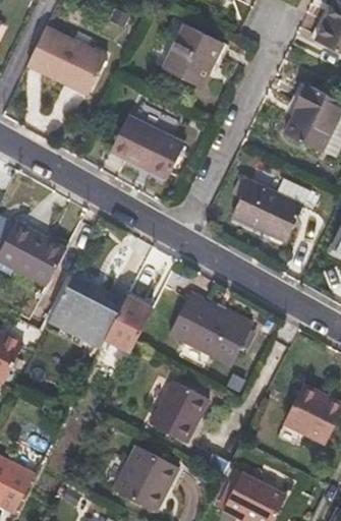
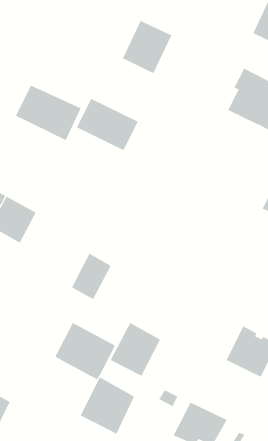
building: [26,30,105,96] -> [15,85,82,141]
building: [232,173,310,238] -> none
building: [48,278,120,346] -> [54,322,116,380]
building: [171,295,253,366] -> none

